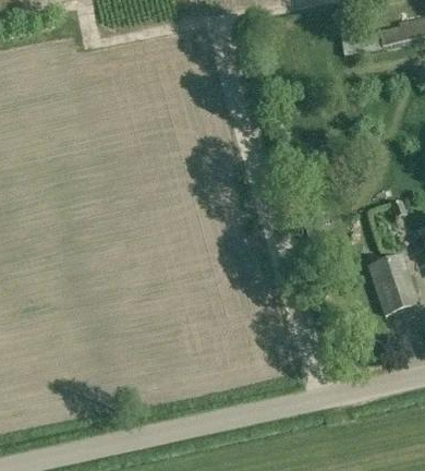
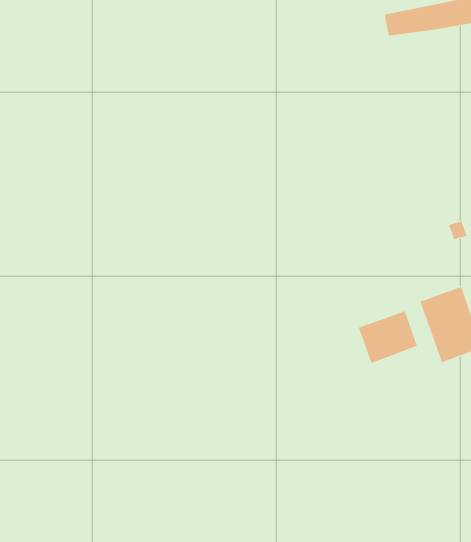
building: none -> [358,310,417,364]

